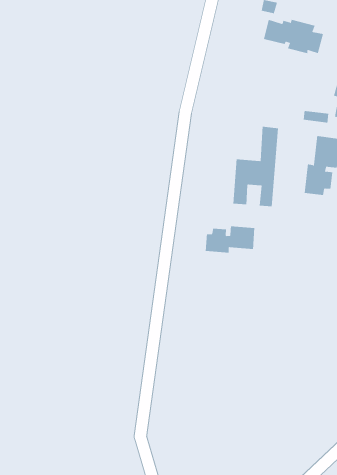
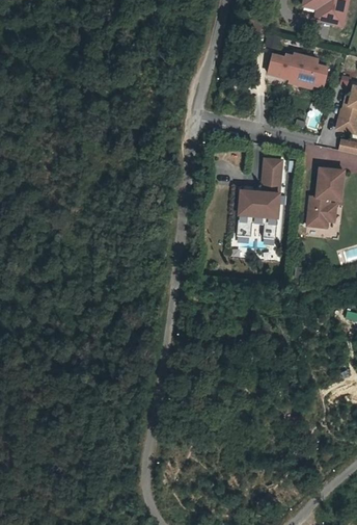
building: [205,226,255,254] -> none

